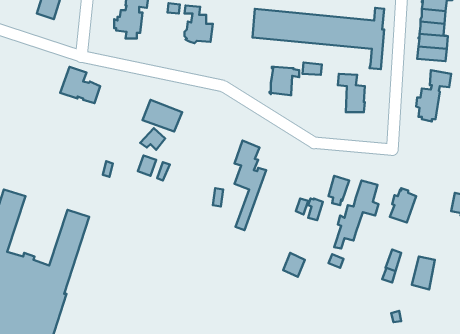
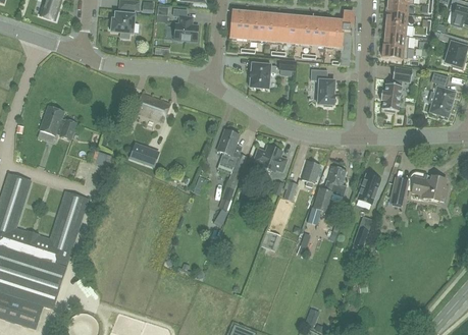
building: [60,67,100,103] -> [40,105,75,137]
building: none -> [254,145,287,170]
building: [412,257,435,289] -> [388,175,409,205]

